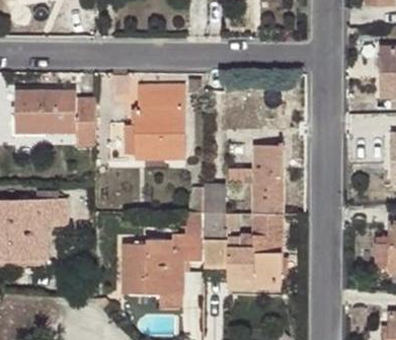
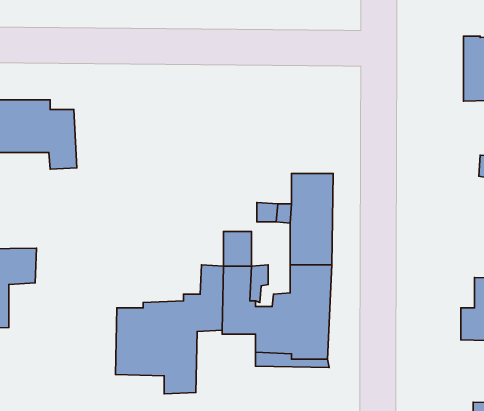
building: [124,86,184,159] -> none

